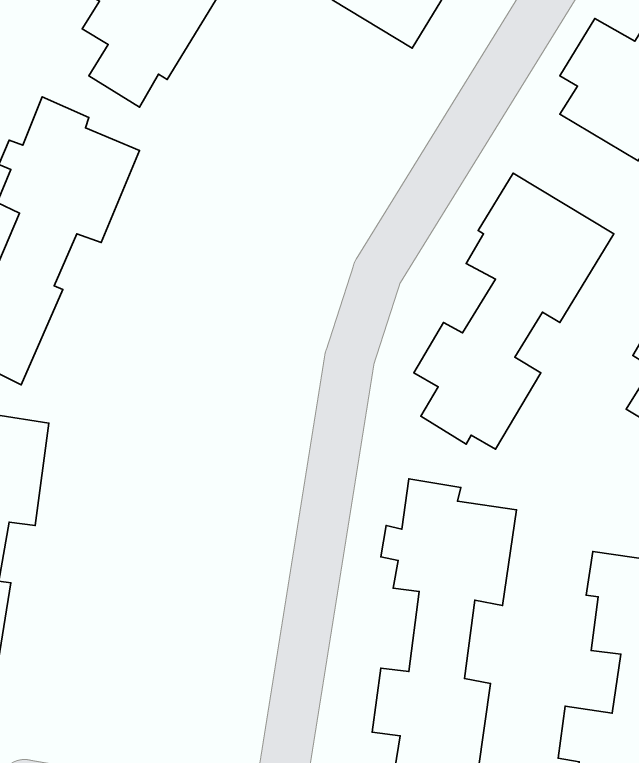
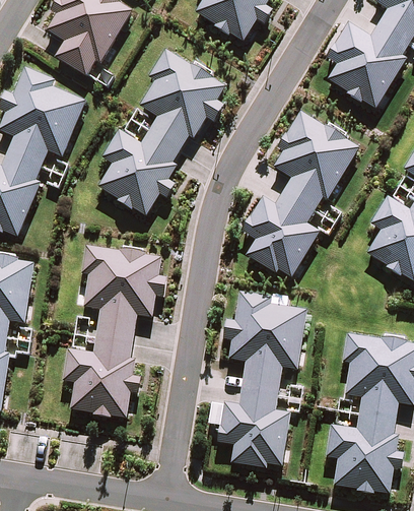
building: none -> [98,52,223,213]
building: none -> [65,246,158,417]

